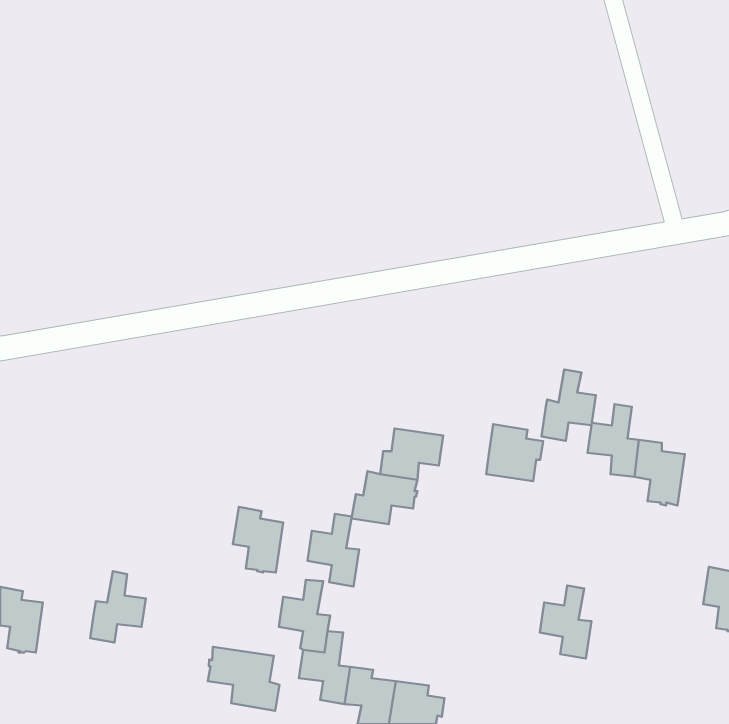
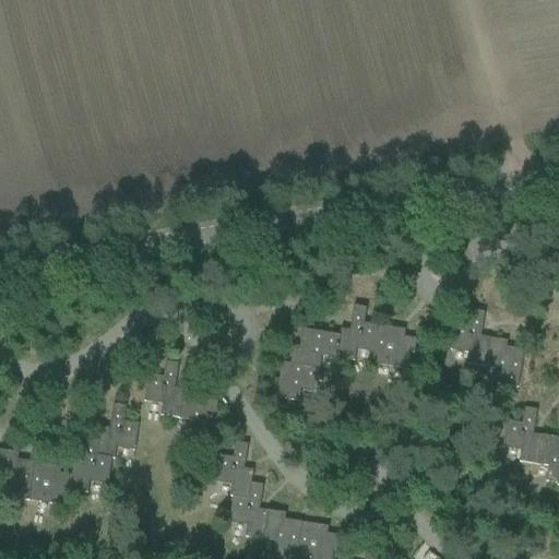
building: [541,370,596,441] -> [336,305,378,359]
building: [308,514,359,587] -> [144,360,183,416]
building: none -> [96,404,140,457]
building: [540,586,591,658] -> [503,406,543,462]
building: none -> [28,461,72,504]
building: [208,647,279,711] -> none

